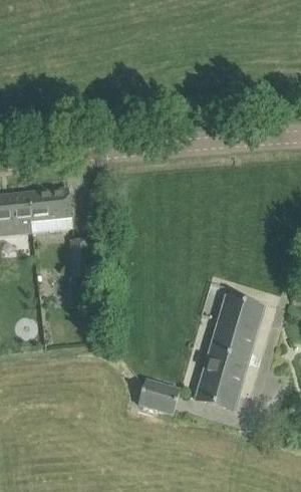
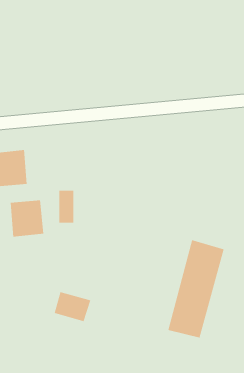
building: [31,187,71,230] -> [10,200,44,237]
building: [134,379,178,414] -> [54,292,91,322]

